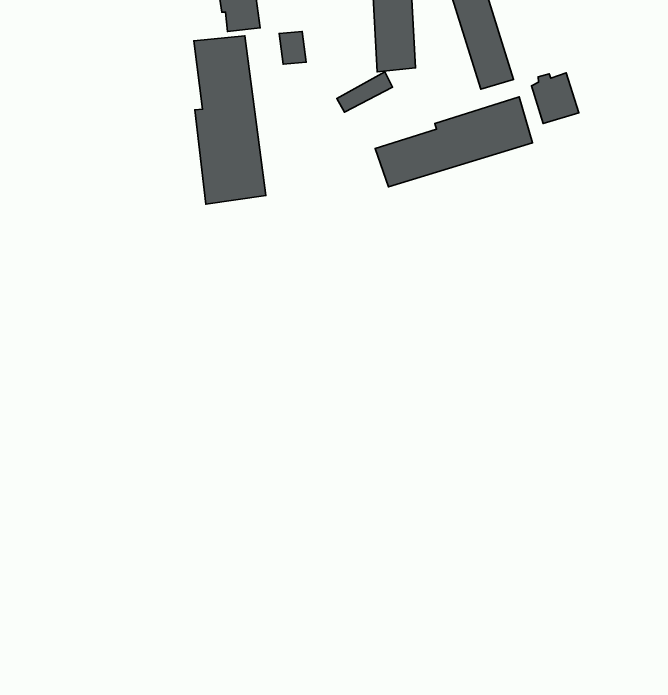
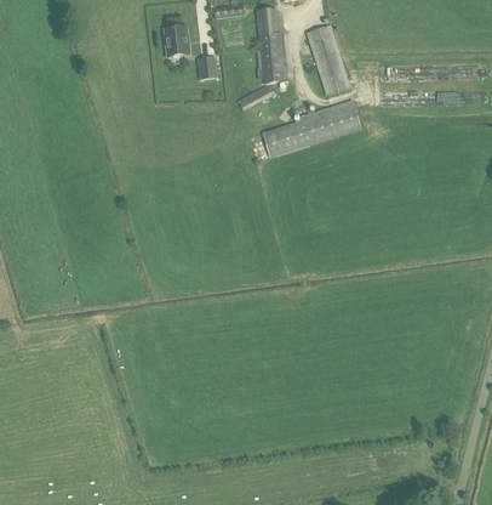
building: [194,36,266,204] -> none
building: [531,73,579,124] -> none

